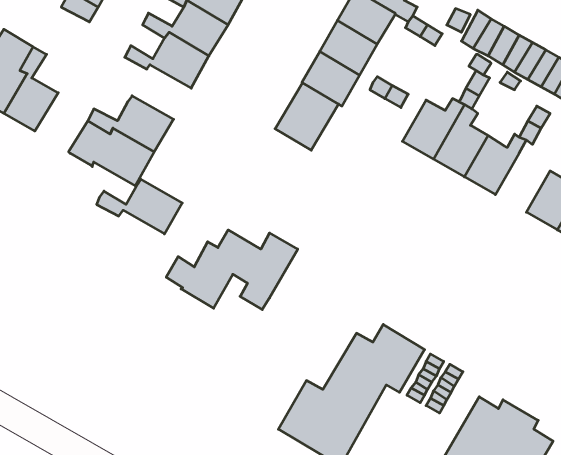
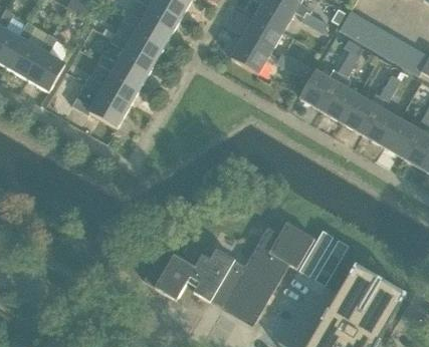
building: [275,83,339,150] -> none
building: none -> [363,106,400,146]
building: [97,179,182,234] -> [97,46,156,83]
building: [166,230,298,310] -> [145,248,234,302]

